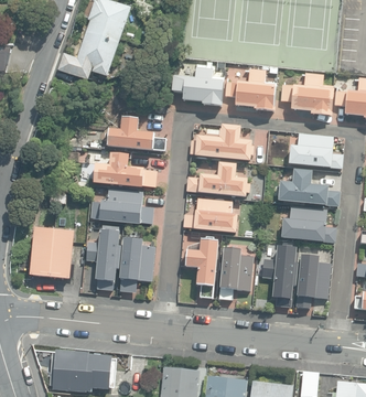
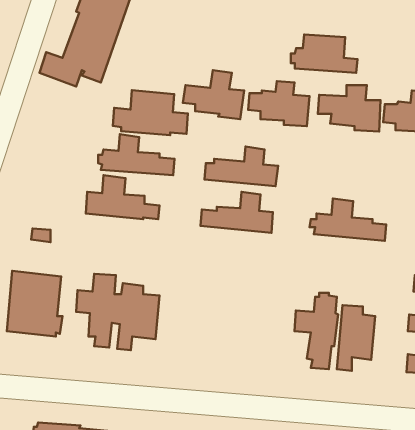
building: [288,136,342,167] -> [291,34,358,73]
building: [94,189,154,225] -> [113,90,188,135]
building: [183,196,235,229] -> none
building: [279,205,333,238] -> none
building: [185,238,218,298] -> none
building: [219,247,252,300] -> none

